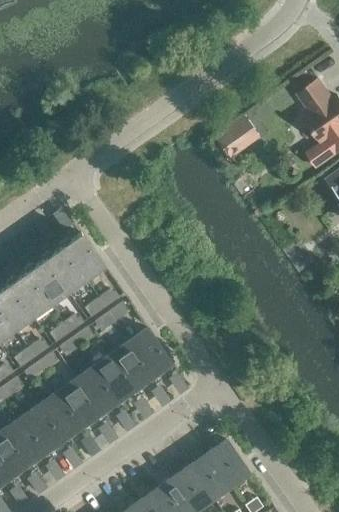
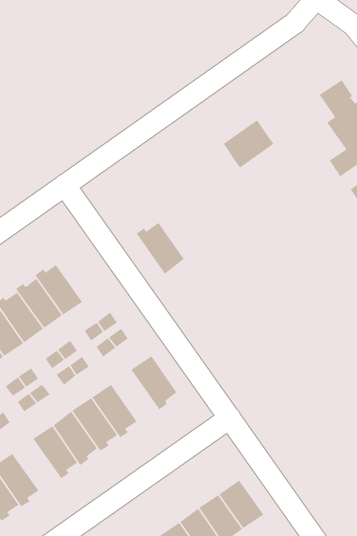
building: [59,233,103,280] -> [136,222,184,274]
building: [111,341,154,390] -> none
building: [22,403,66,452] -> none

